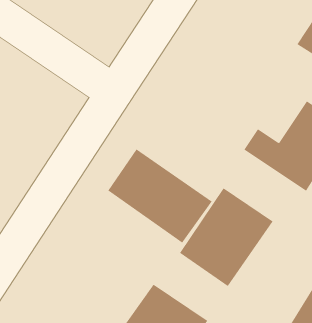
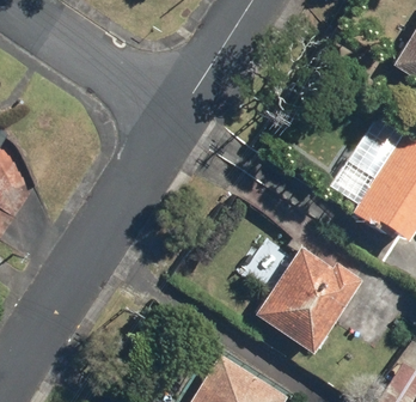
building: [107,149,212,244] -> none

